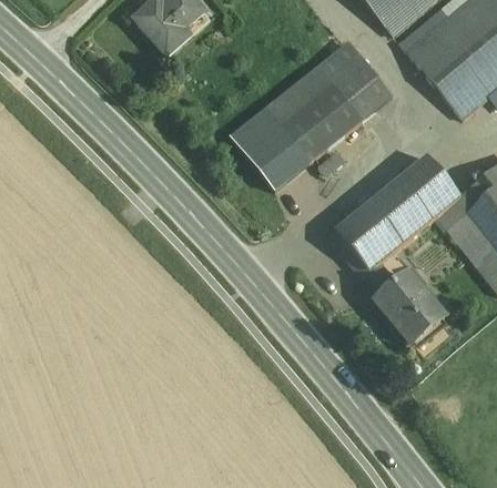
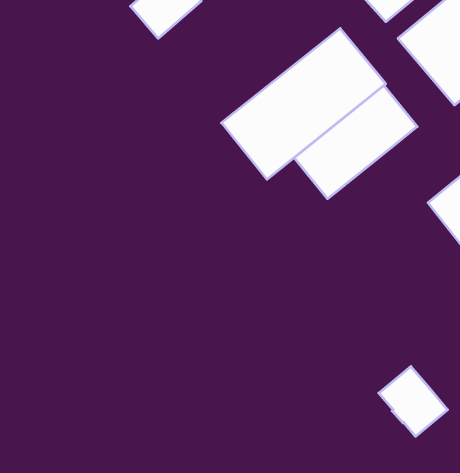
building: [335,155,458,268] -> [294,85,417,199]
building: [375,274,444,344] -> [379,366,448,436]

